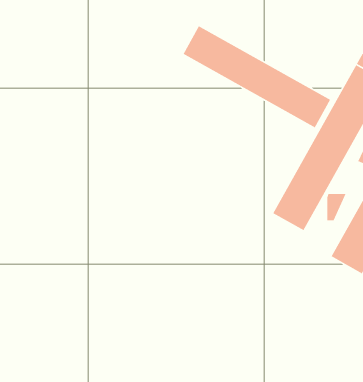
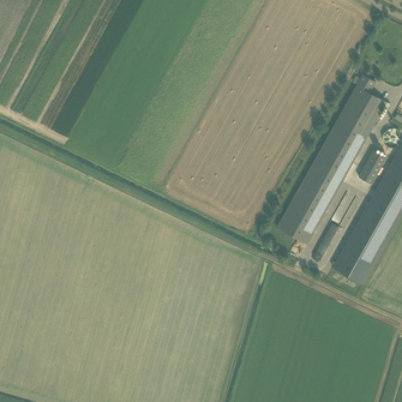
building: [182,25,331,128] -> none

